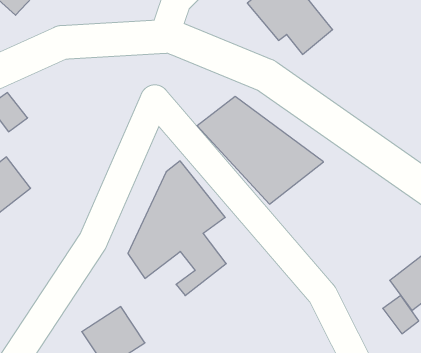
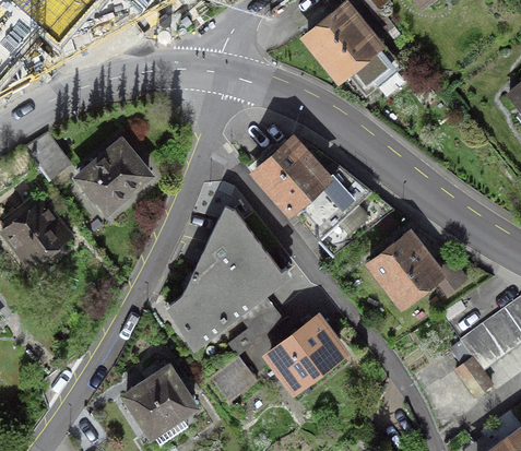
building: none -> [79,141,149,210]
building: none -> [367,232,465,313]
building: none -> [271,321,339,390]
building: none -> [210,355,257,402]

